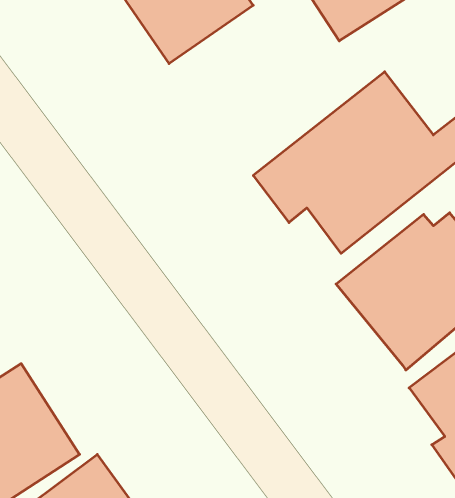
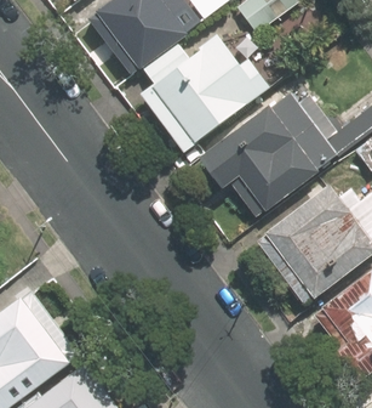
building: none -> [142,35,271,153]

